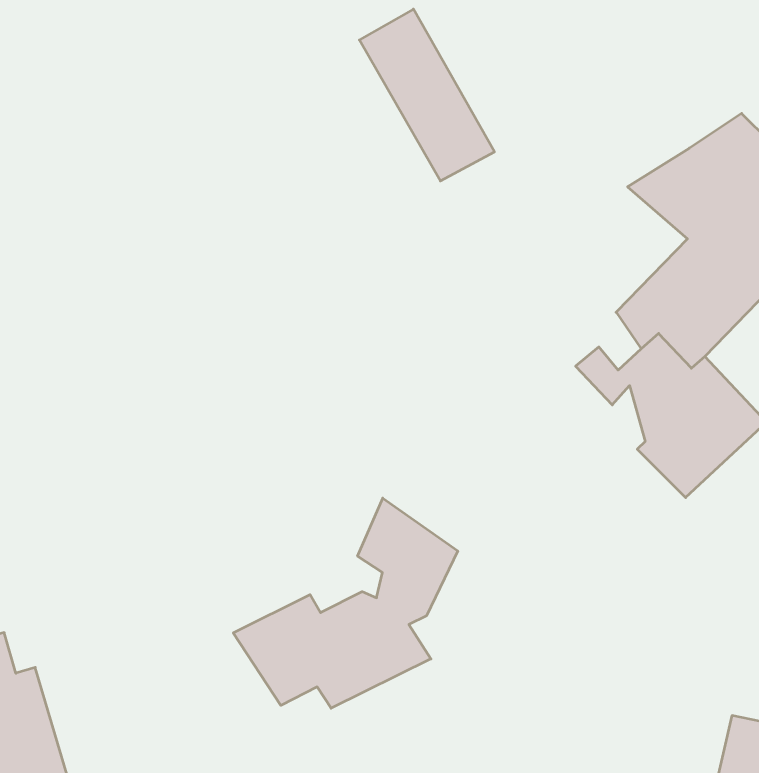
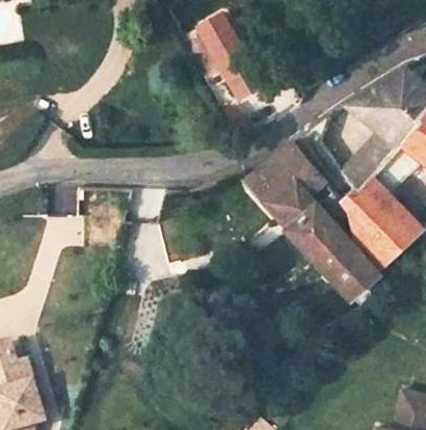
building: none -> [244,144,377,300]
building: [233,498,458,708] -> none

